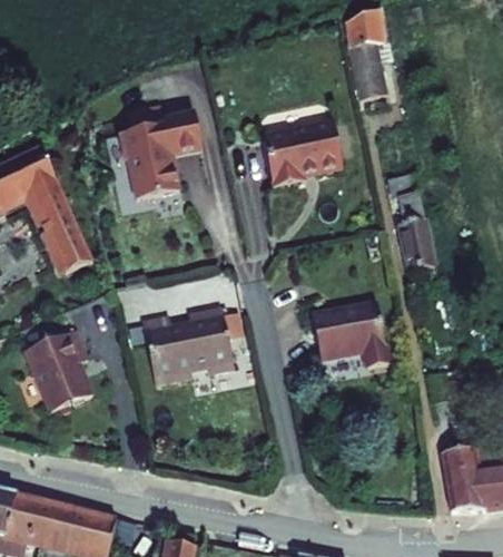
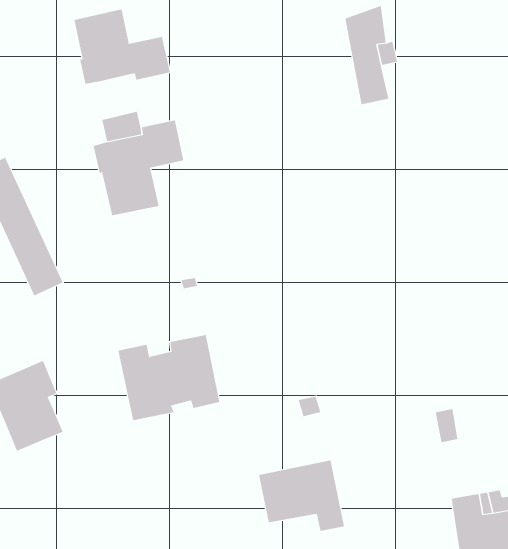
building: none -> [74,8,171,84]
building: [264,123,343,188] -> none
building: [389,175,434,272] -> none
building: [312,302,389,367] -> [258,460,345,531]

